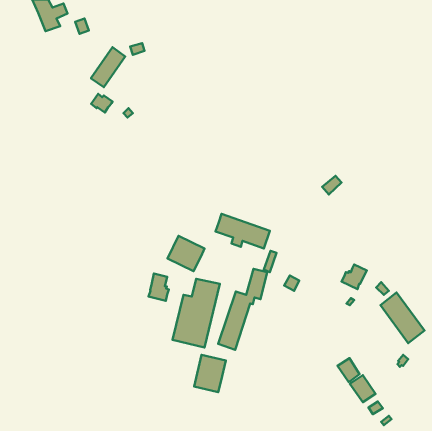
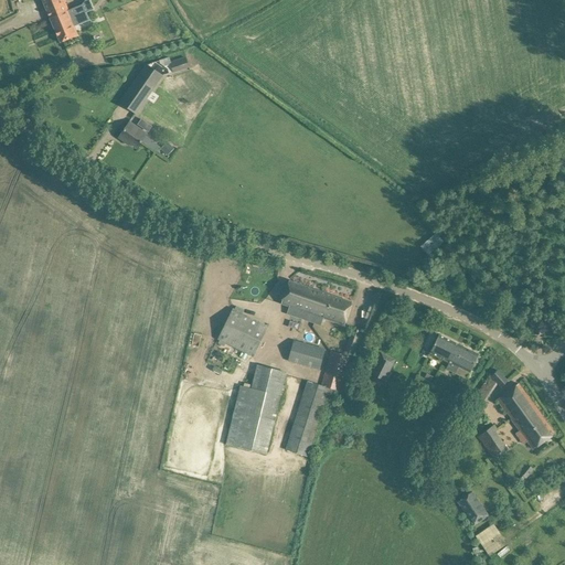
building: none -> [430,333,462,361]
building: none -> [288,339,326,369]
building: [149,274,169,301] -> none
building: [194,355,226,392] -> none
building: [338,358,360,382] -> [478,426,507,457]

